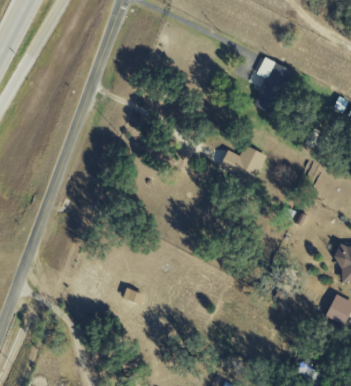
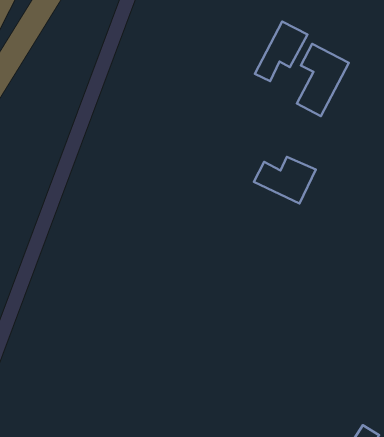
building: none -> [255,22,308,81]

